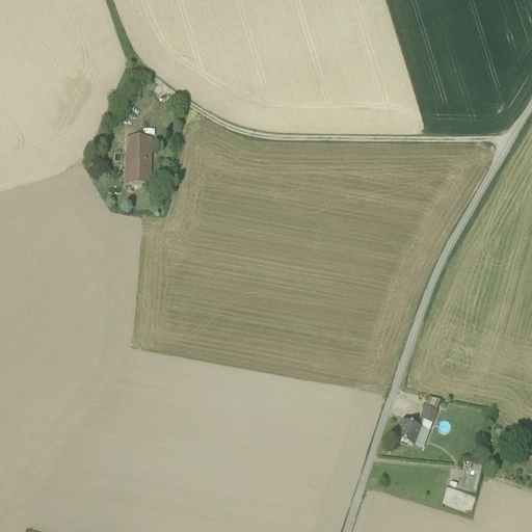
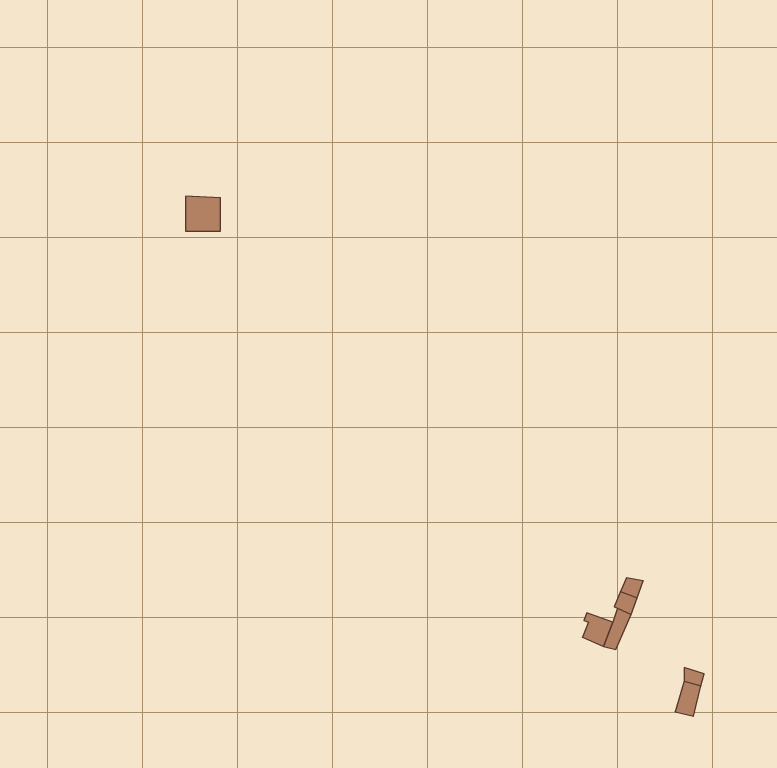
building: [127,158,151,180] -> none

